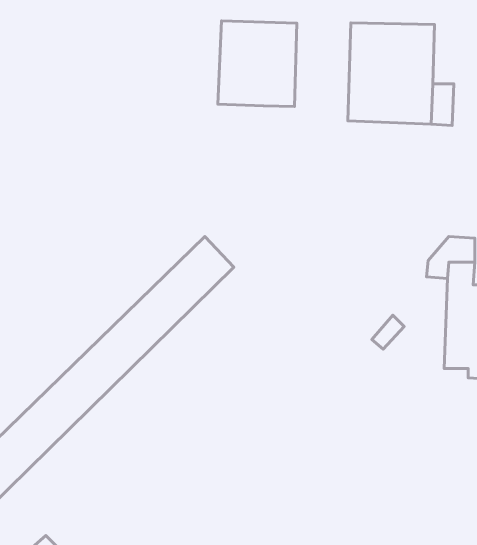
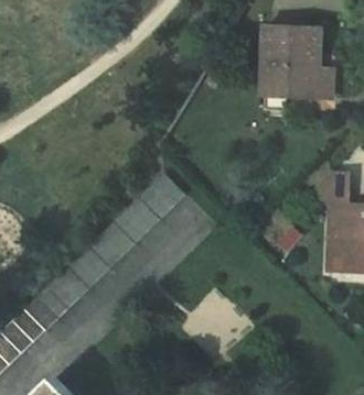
building: [218,21,297,107] -> none

